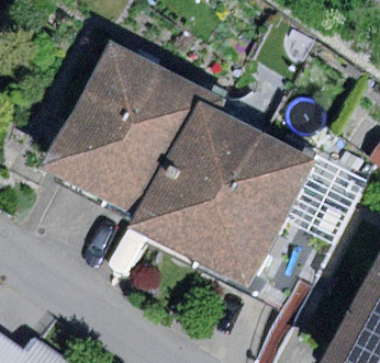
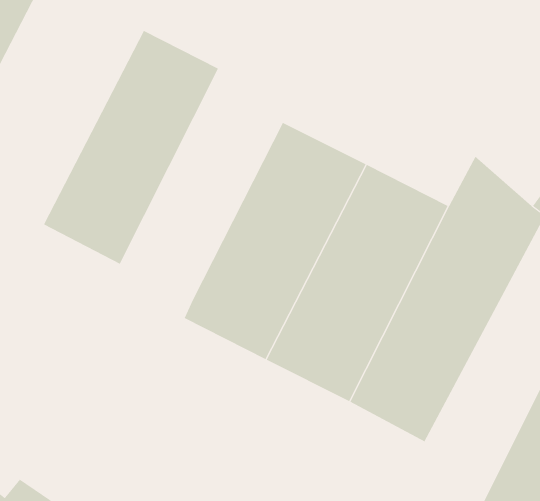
building: [93,66,205,217] -> none

